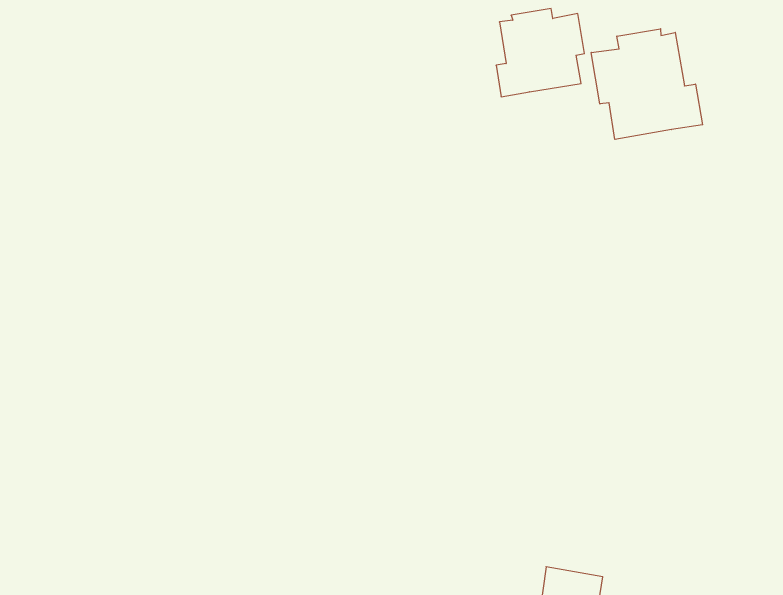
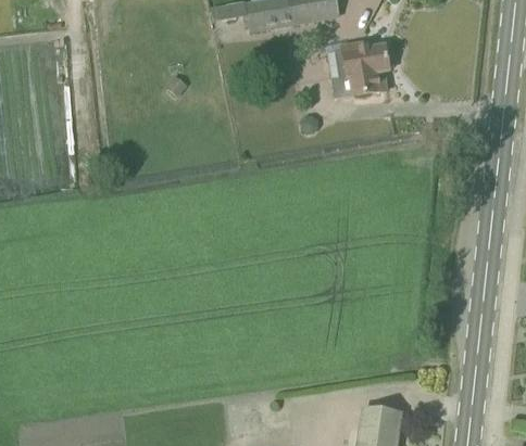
building: [591,29,703,139] -> none

